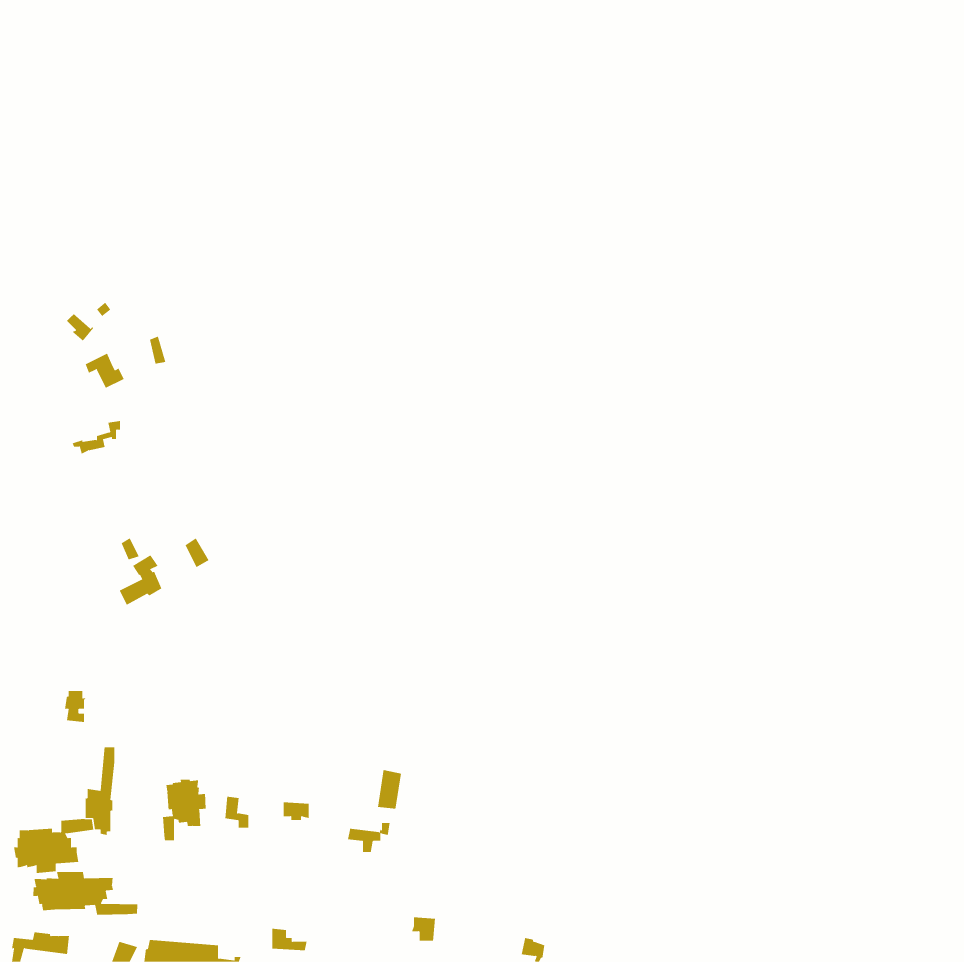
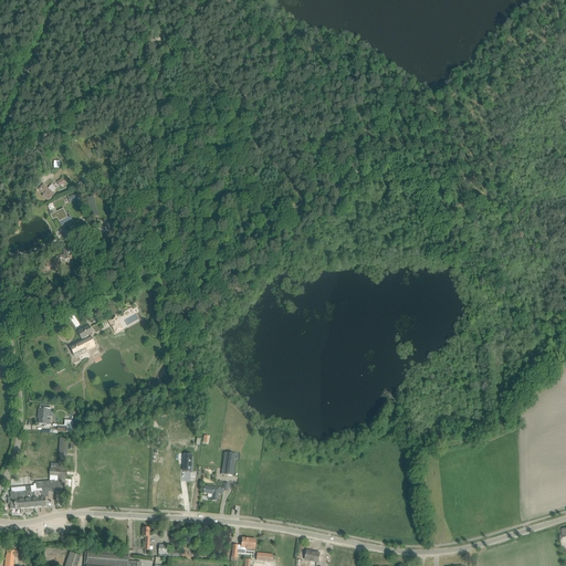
building: [162,779,206,841] -> none
building: [33,871,138,915] -> none

